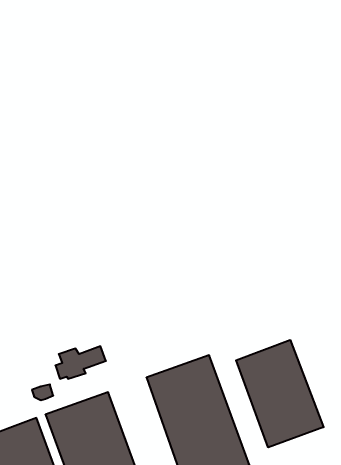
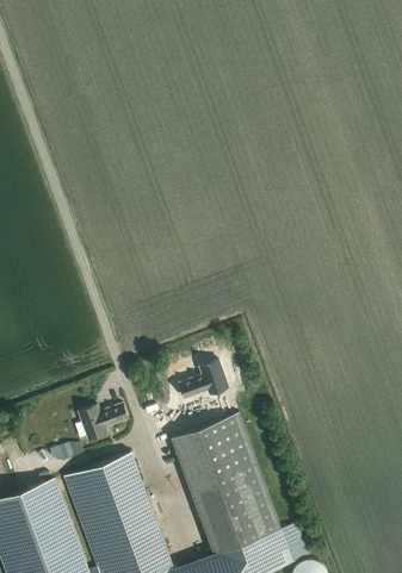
building: none -> [180,361,229,397]
building: [236,340,324,447] -> none

